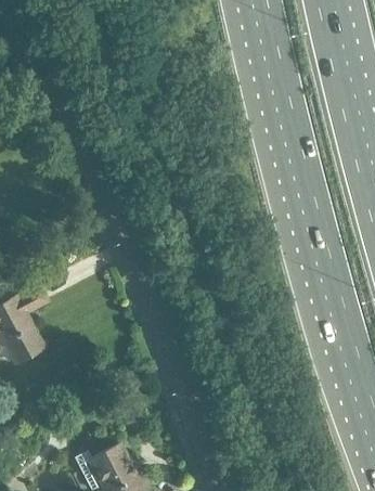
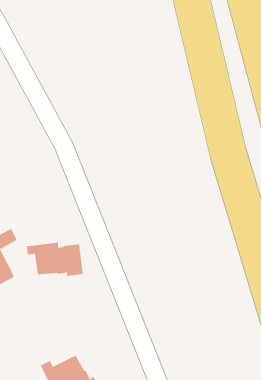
building: none -> [26,242,83,277]

